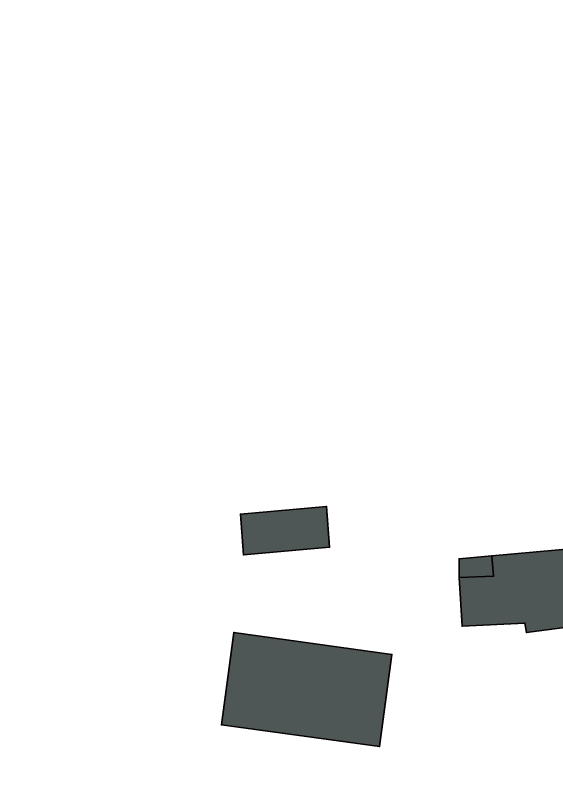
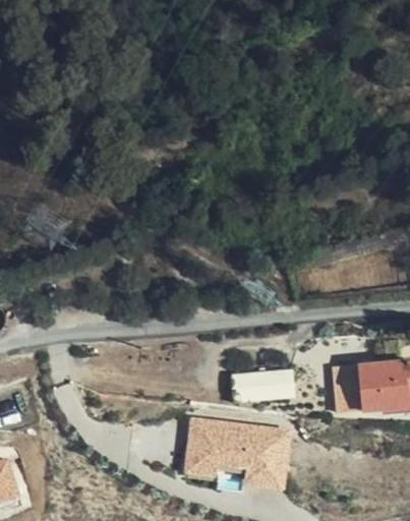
building: [240,506,330,555] -> [237,369,295,401]

